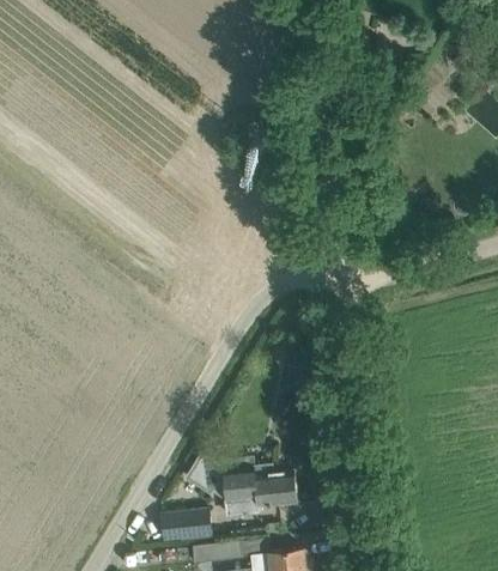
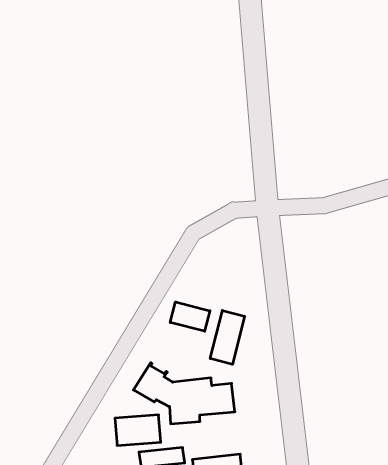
building: none -> [170,302,210,331]
building: none -> [210,310,245,364]

